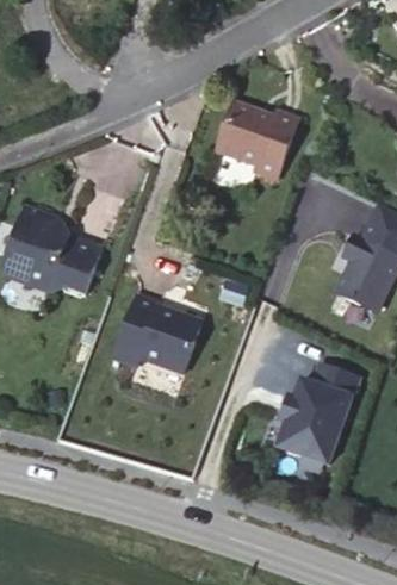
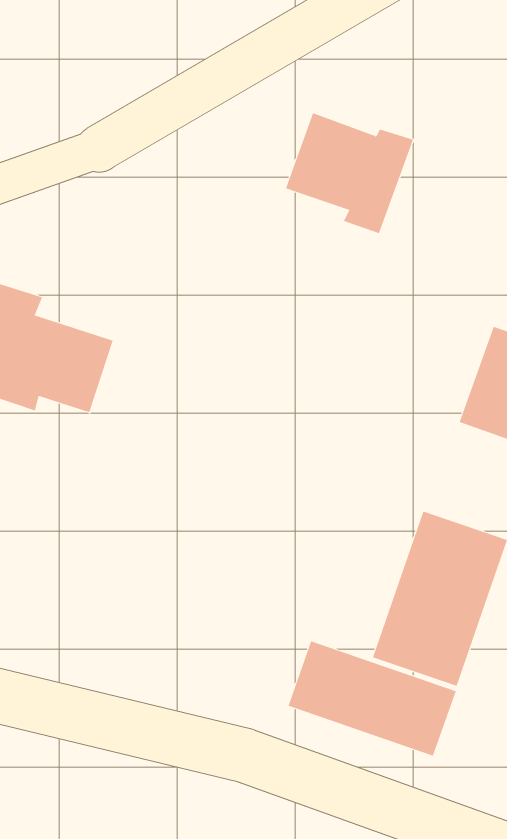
building: [116,292,203,369] -> none
building: none -> [288,640,457,757]

